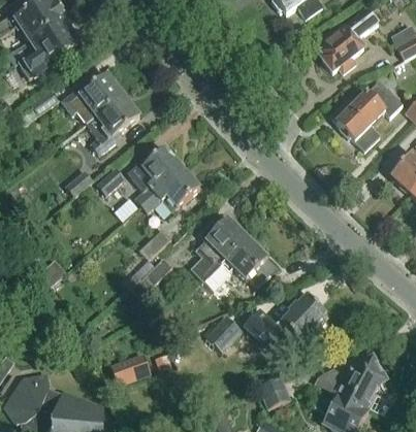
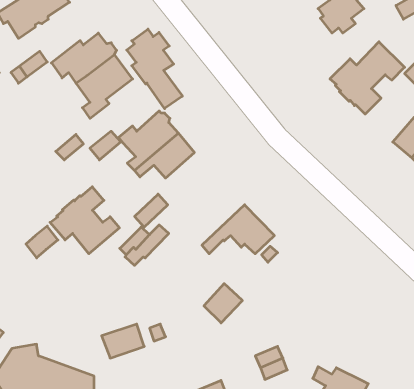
building: none -> [127,29,182,109]
building: [190,219,248,281] -> none
building: none -> [50,187,119,254]
building: [245,296,326,353] -> none
building: [315,356,385,409] -> none

